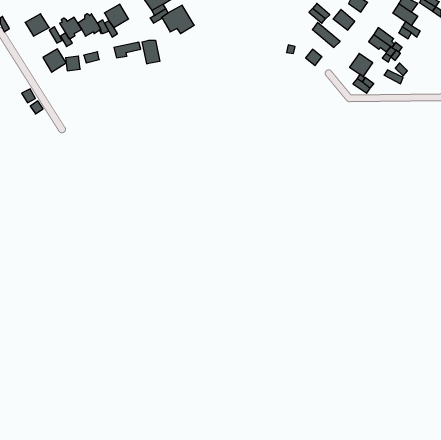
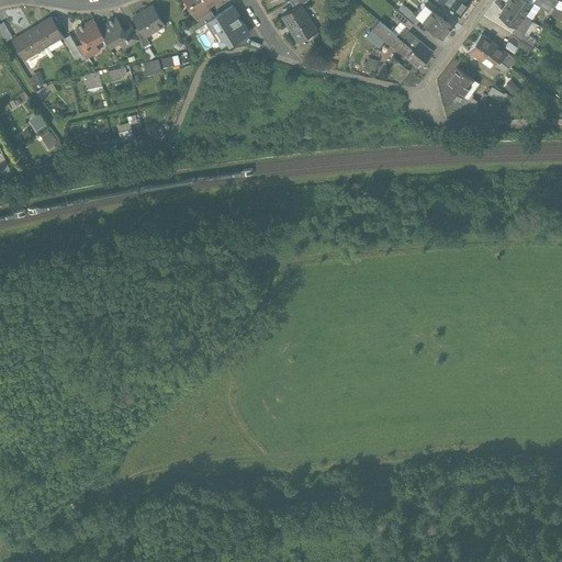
building: none -> [281,4,316,43]
building: none -> [366,21,425,69]
building: [142,40,160,64] -> none
building: [43,49,66,72] -> [13,29,43,58]

